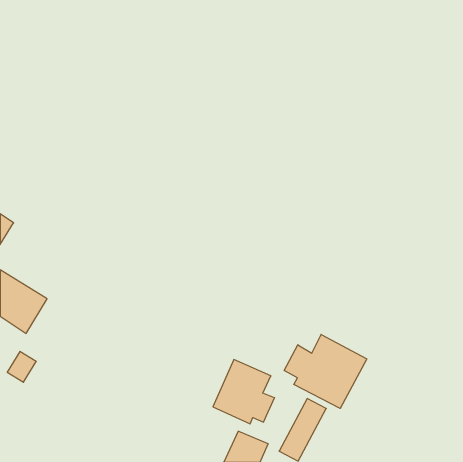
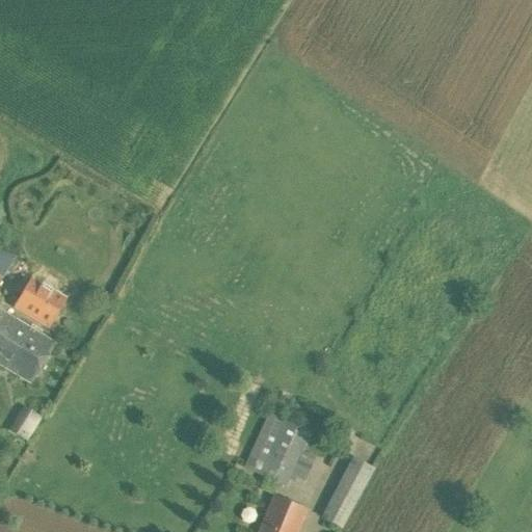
building: none -> [15,276,65,326]
building: [284,334,367,408] -> none

